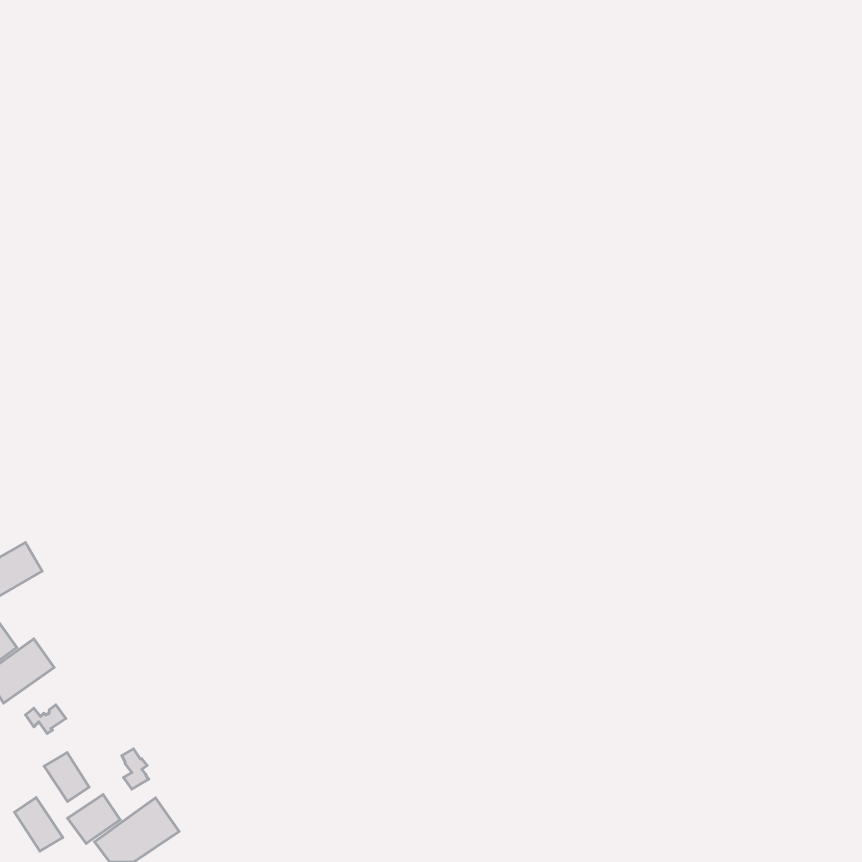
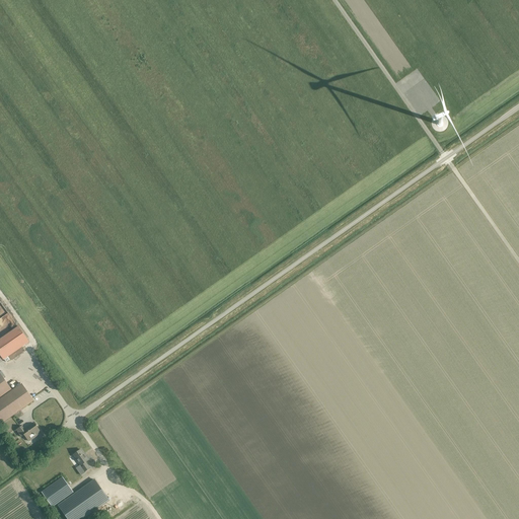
building: [44,752,89,802] -> none
building: [15,798,63,851] -> none

